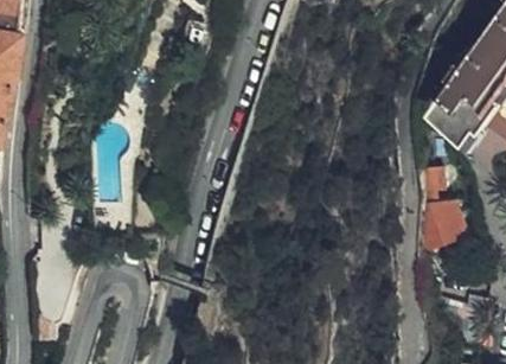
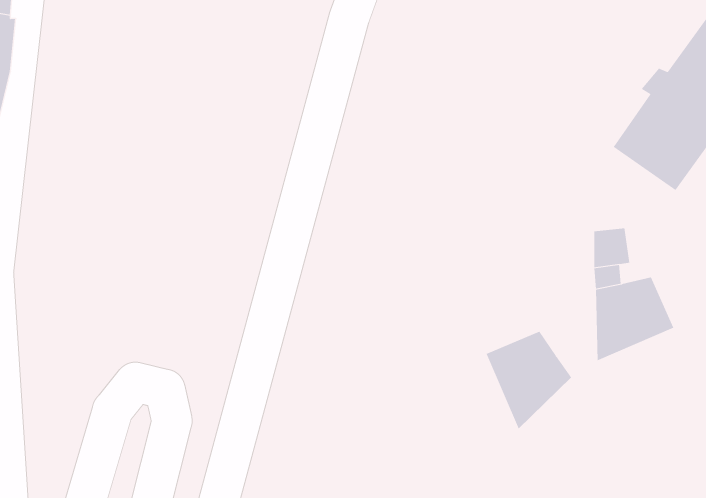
building: none -> [486,331,572,429]

